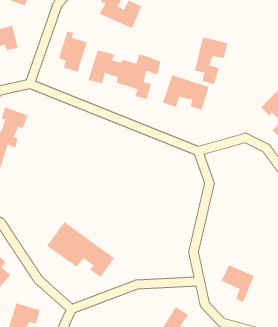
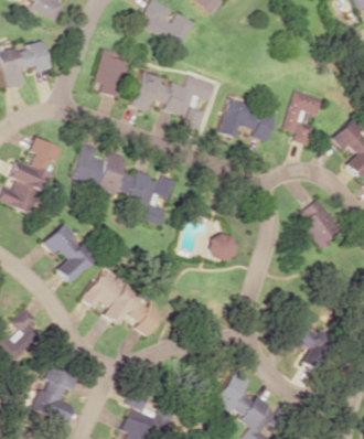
building: [194,37,228,85] -> [286,89,325,146]
building: none -> [74,143,178,225]
building: none -> [302,199,341,245]
building: none -> [42,222,95,281]
building: none -> [210,232,239,261]

